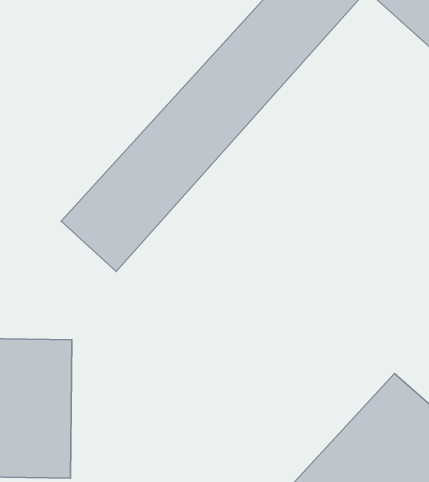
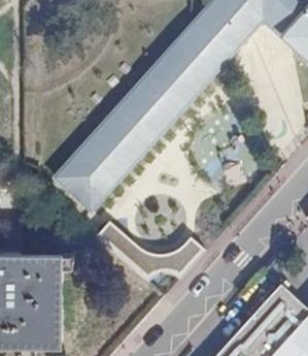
building: none -> [98,222,204,281]

